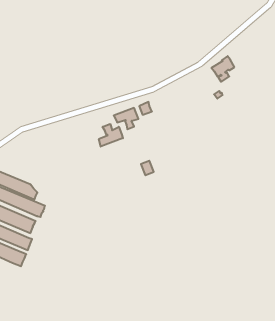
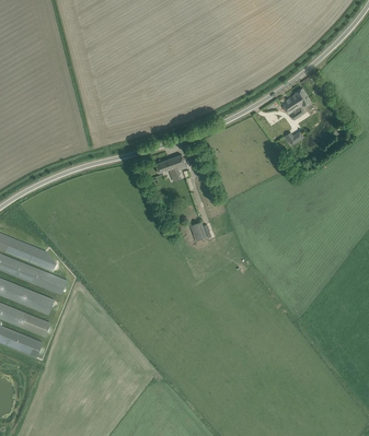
building: [99,124,123,147] -> none

